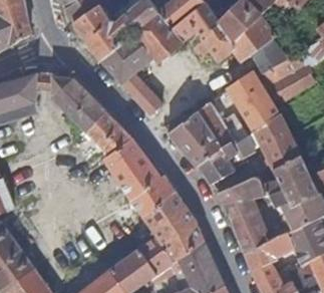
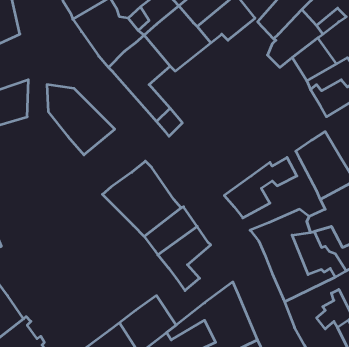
building: [200,22,239,61] -> none
building: [229,71,279,130] -> none
building: [163,103,234,168] -> none
building: [82,112,132,160] -> none
building: [141,207,204,272] -> none

